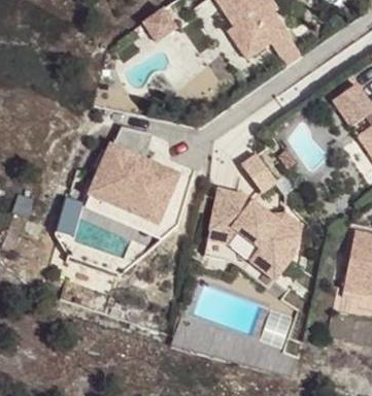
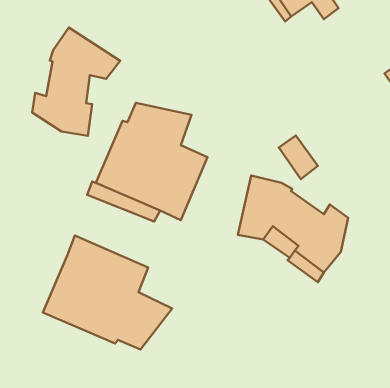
building: none -> [32,28,120,136]
building: none -> [43,236,172,350]

